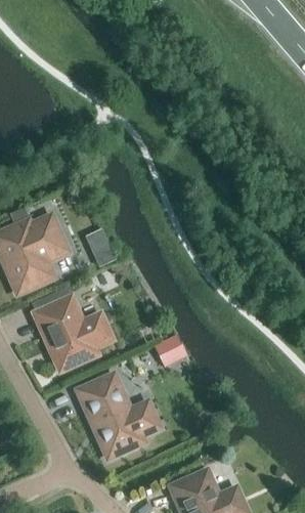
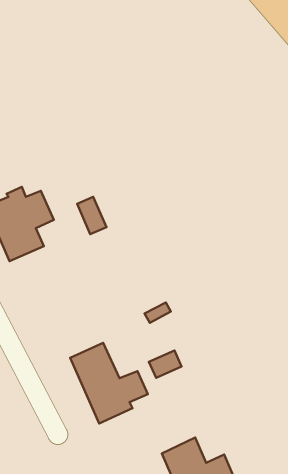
building: [36,289,112,370] -> none
building: none -> [149,350,181,378]

